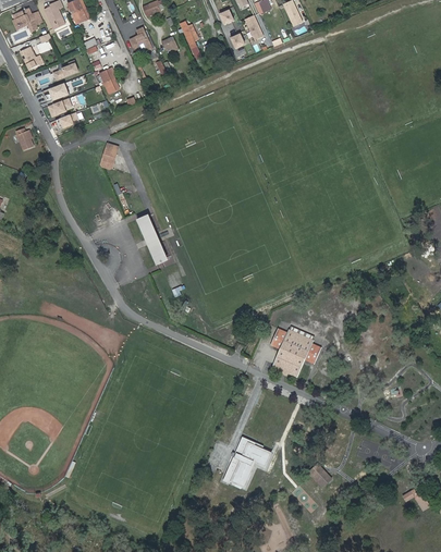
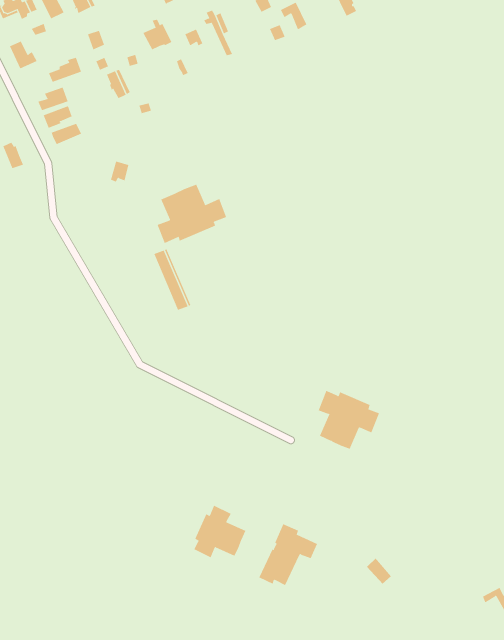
building: none -> [157,184,227,244]
building: none -> [193,505,246,558]

